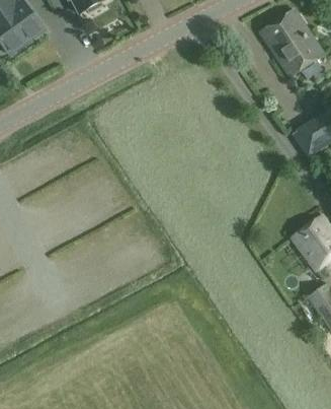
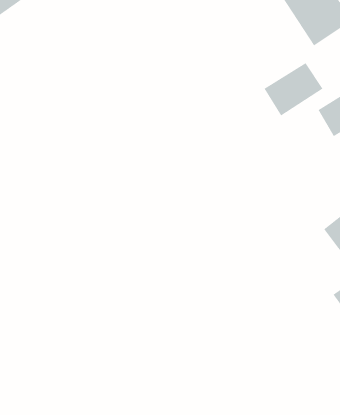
building: none -> [263,62,324,116]

